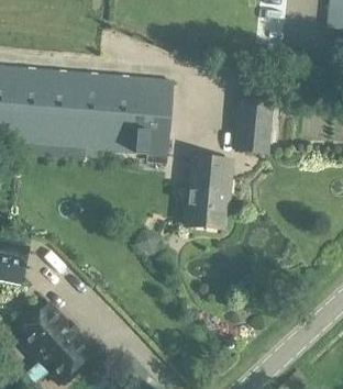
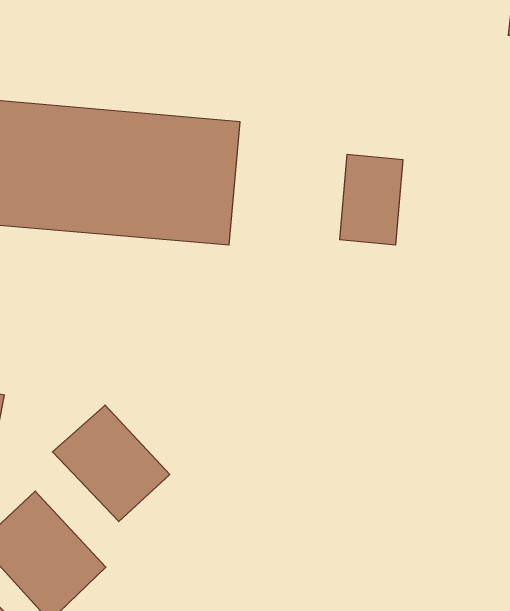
building: [186,158,231,227] -> none
building: none -> [52,405,170,522]

